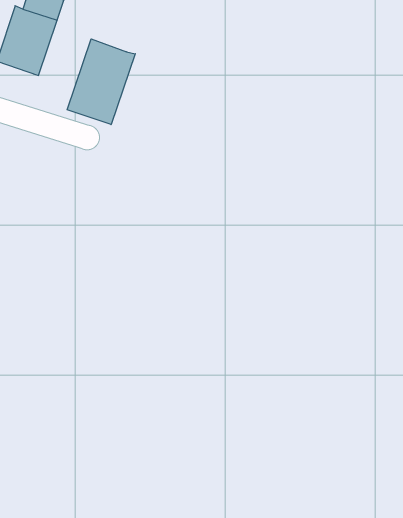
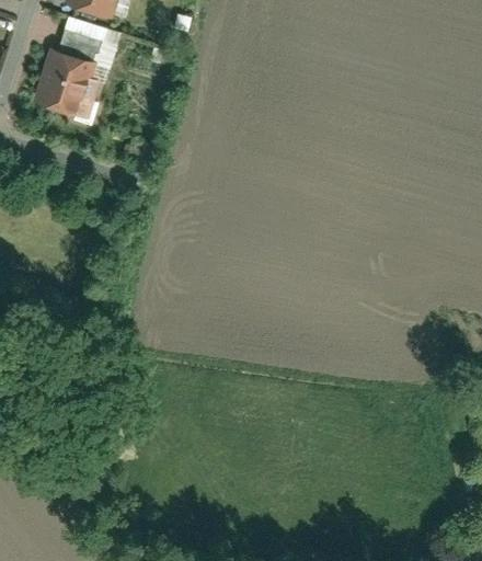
building: [67,39,135,125] -> none

